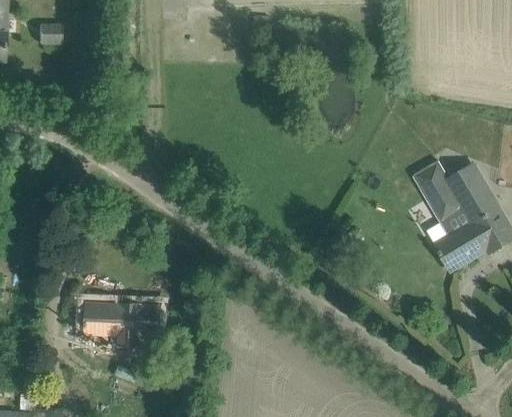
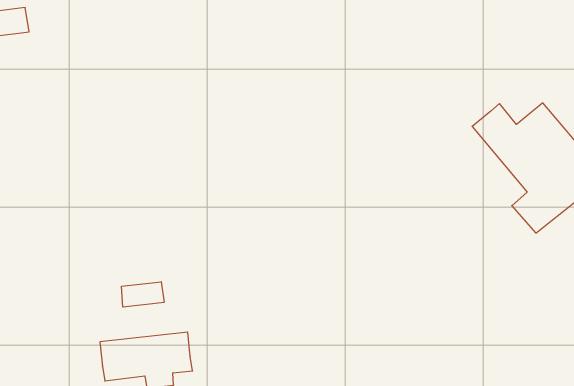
building: none -> [122,282,164,307]

